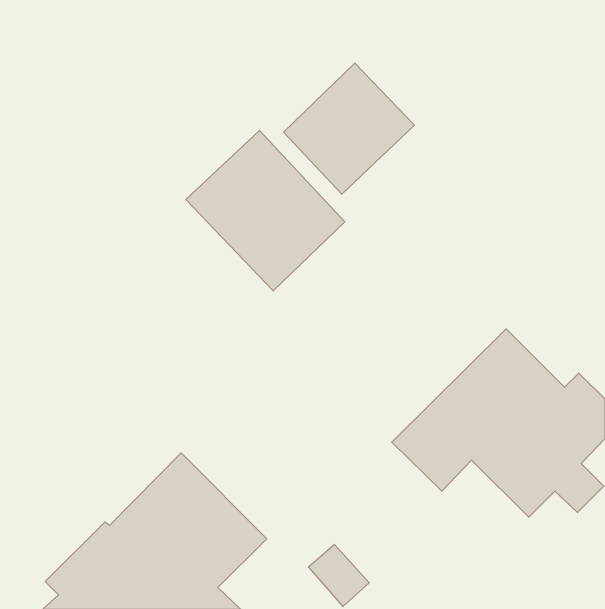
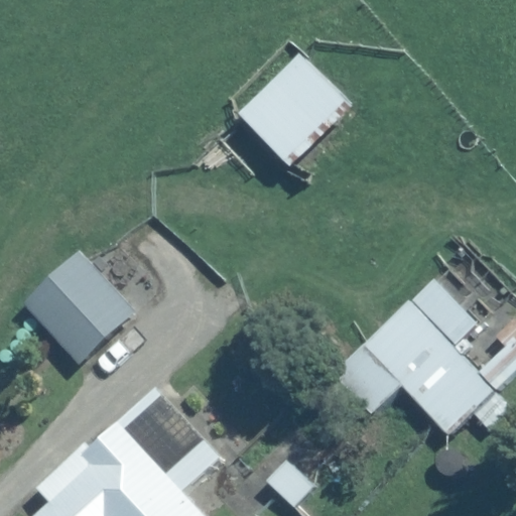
building: [186,130,345,291] -> none
building: none -> [16,246,137,367]

